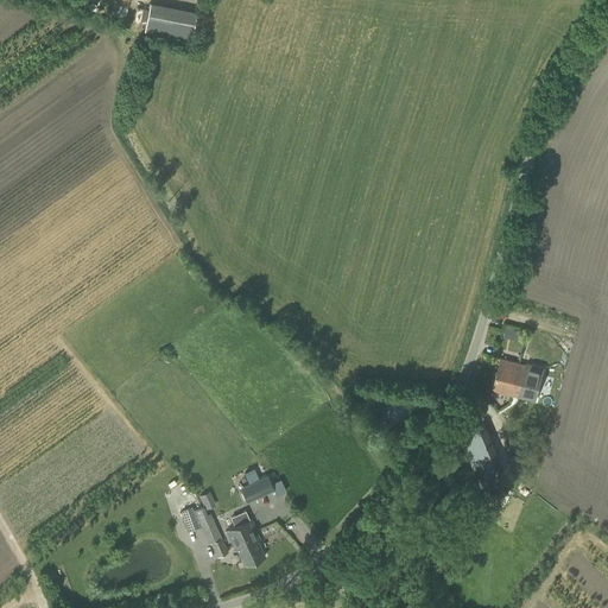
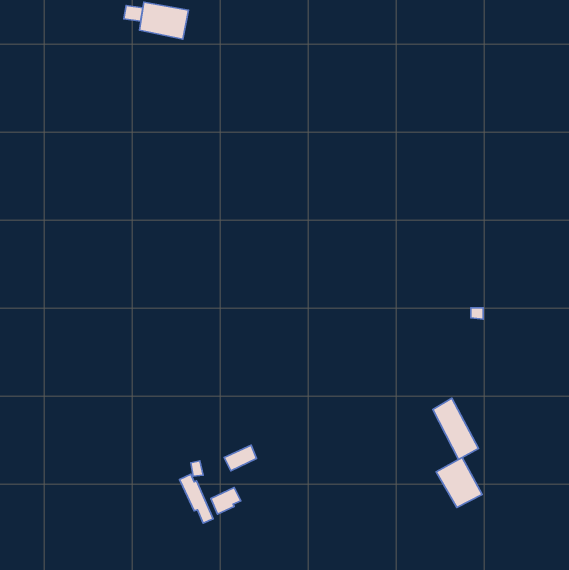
building: [490,359,542,401] -> none
building: none -> [436,457,482,507]
building: [232,533,264,564] -> none

